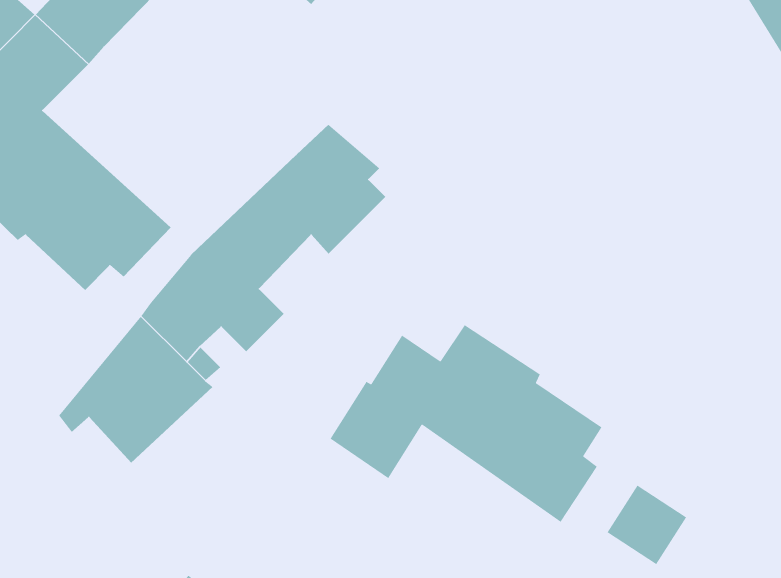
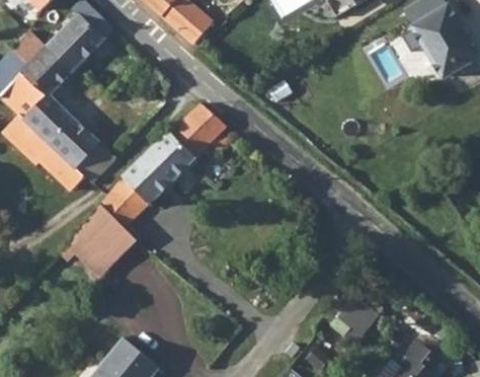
building: [330,324,602,523] -> none

